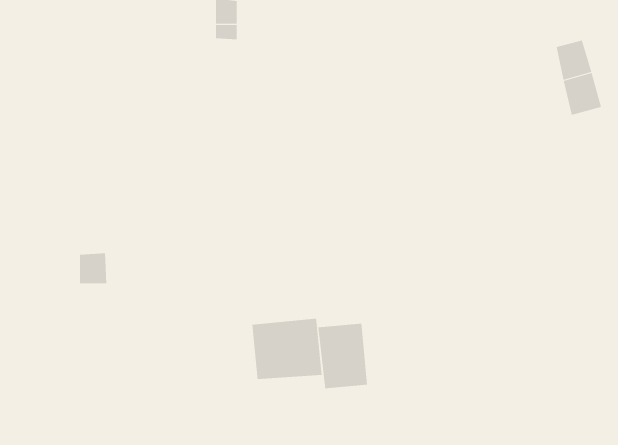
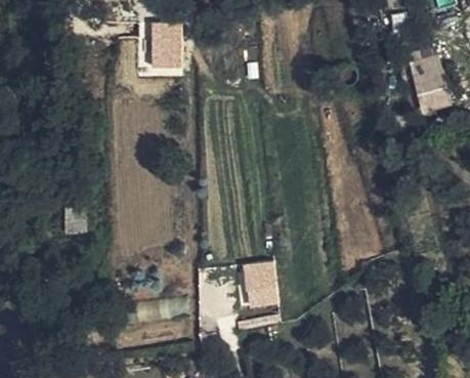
building: [252,318,322,380] -> none

